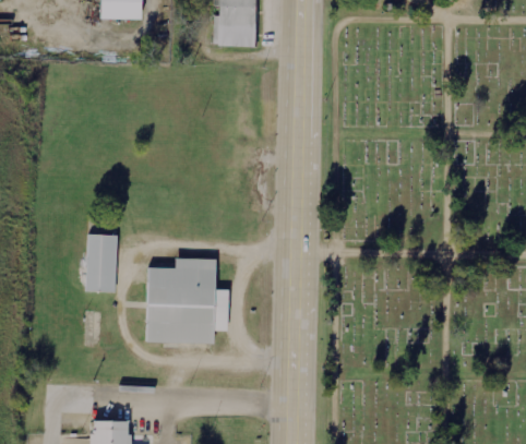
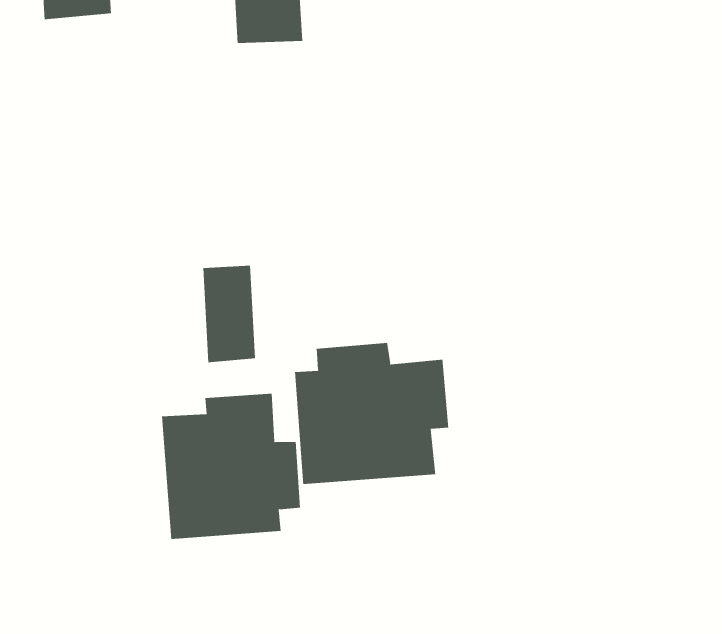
building: [86,233,118,291] -> [203,265,256,363]
building: none -> [294,342,449,485]

